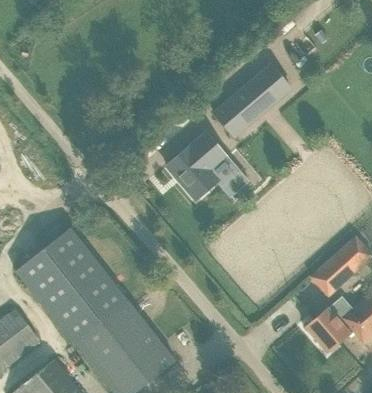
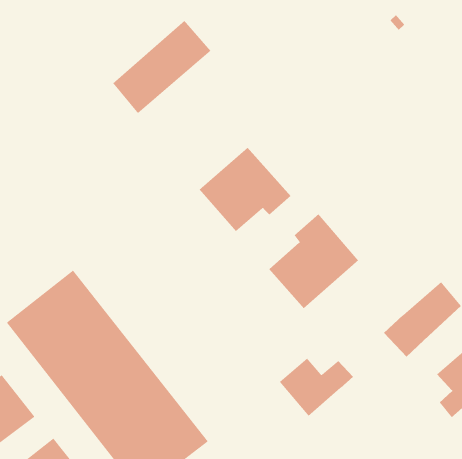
building: [214,64,291,137] -> [112,20,212,114]
building: none -> [269,213,359,309]
building: [305,307,363,353] -> [279,357,354,417]

